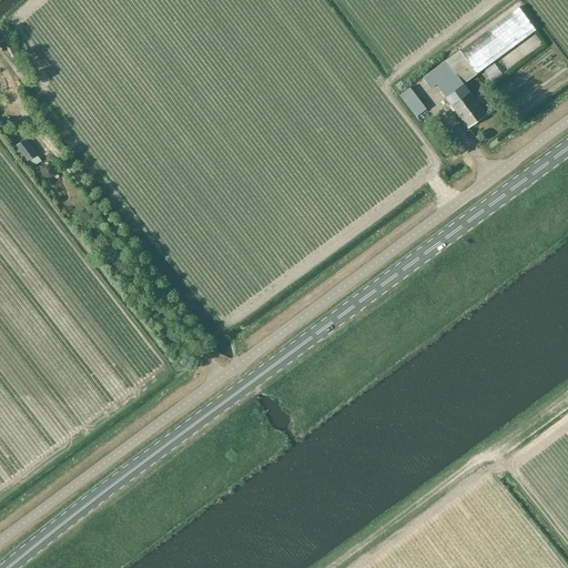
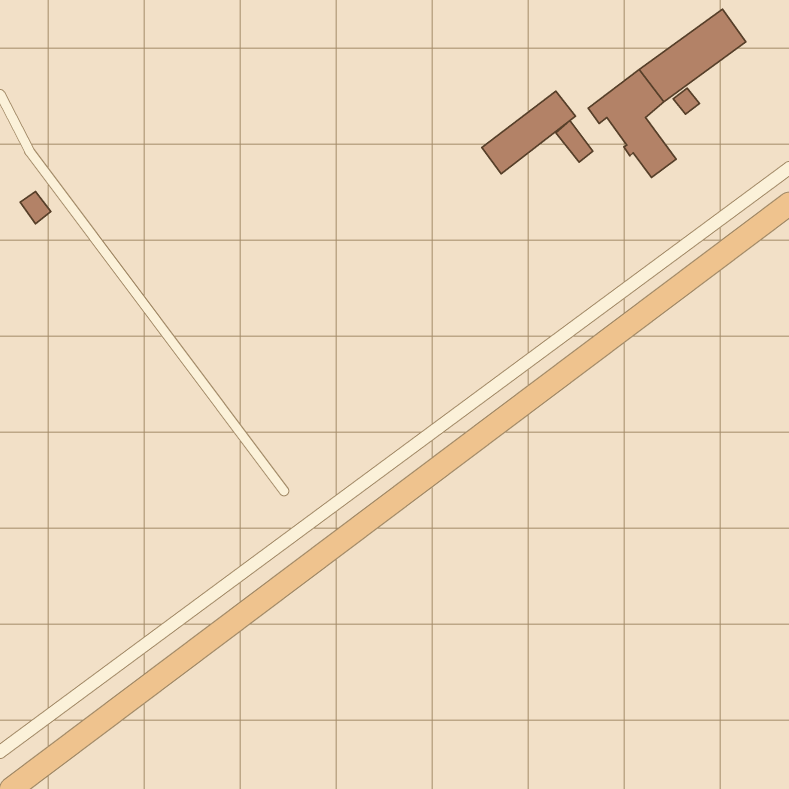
building: none -> [482,91,575,174]

